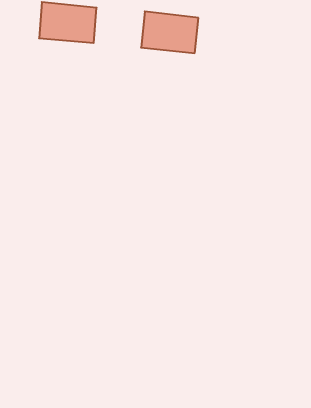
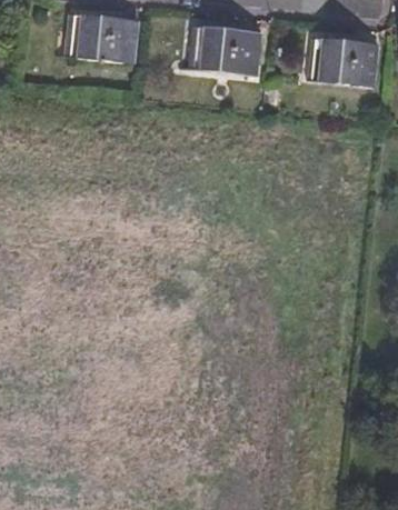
building: none -> [307,36,375,87]

